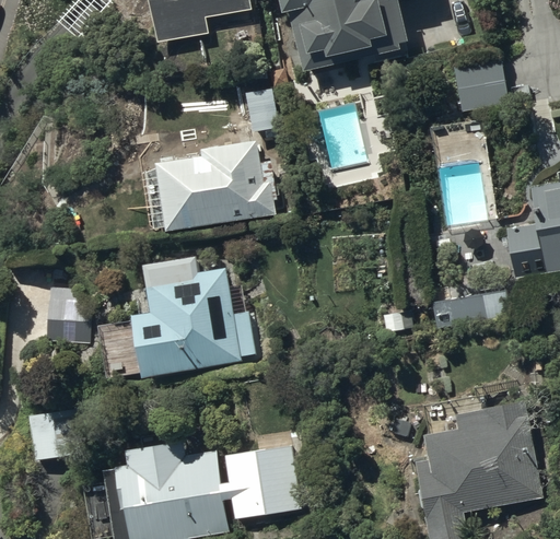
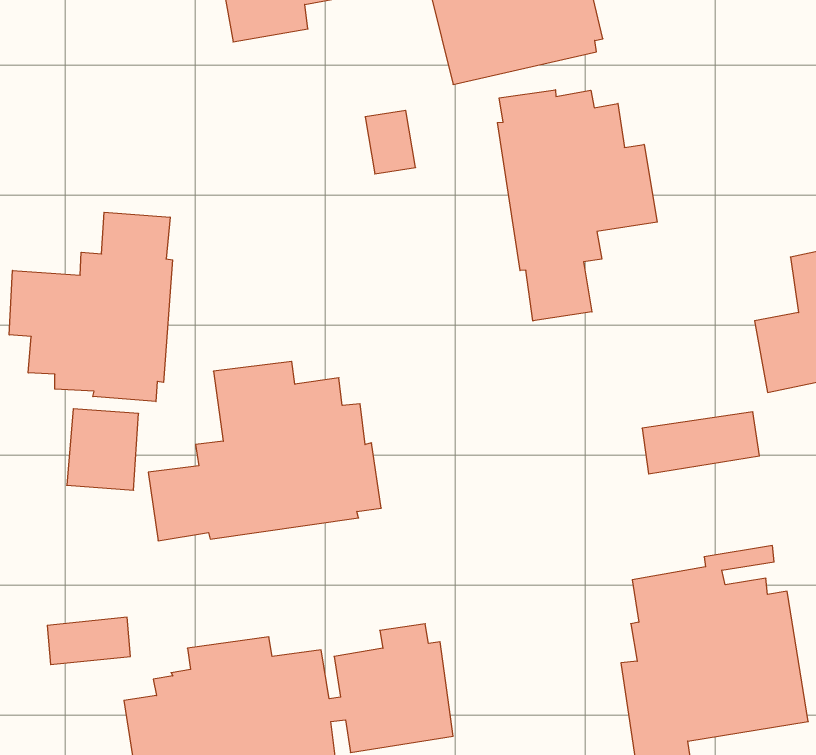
building: [454,58,508,109] -> none
building: none -> [497,90,657,321]
building: [154,139,278,230] -> none
building: none -> [9,212,173,402]

